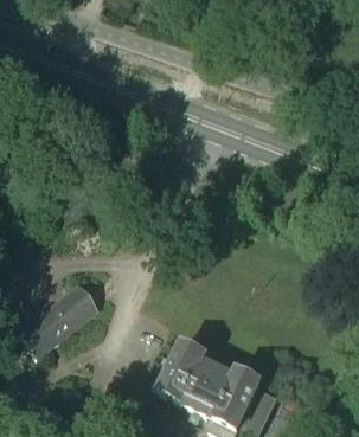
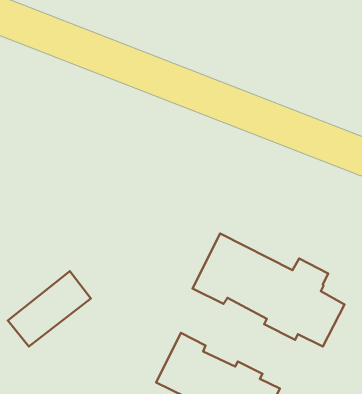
building: none -> [193,233,345,347]

